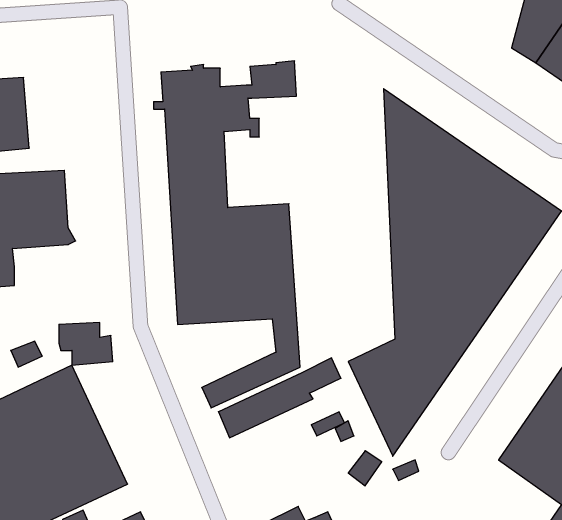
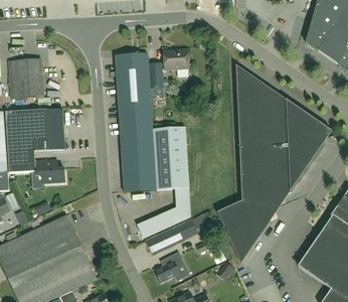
building: [59,323,113,365] -> [35,159,64,182]
building: none -> [153,251,184,282]

